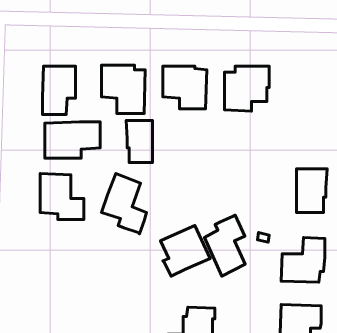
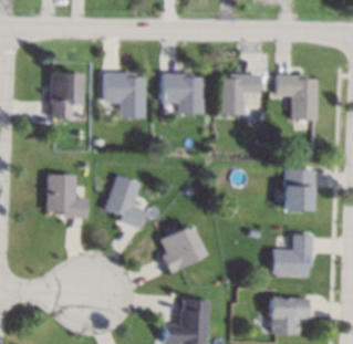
building: none -> [277,74,316,119]
building: [126,120,153,162] -> none
building: [45,122,100,158] -> none
building: [204,215,245,276] -> none

